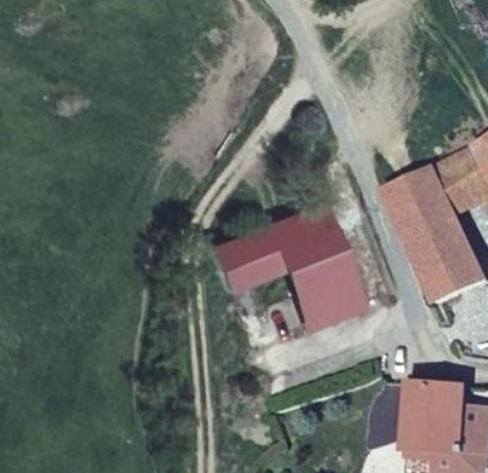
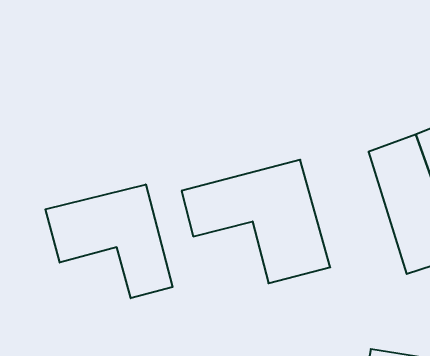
building: none -> [45,184,173,298]

